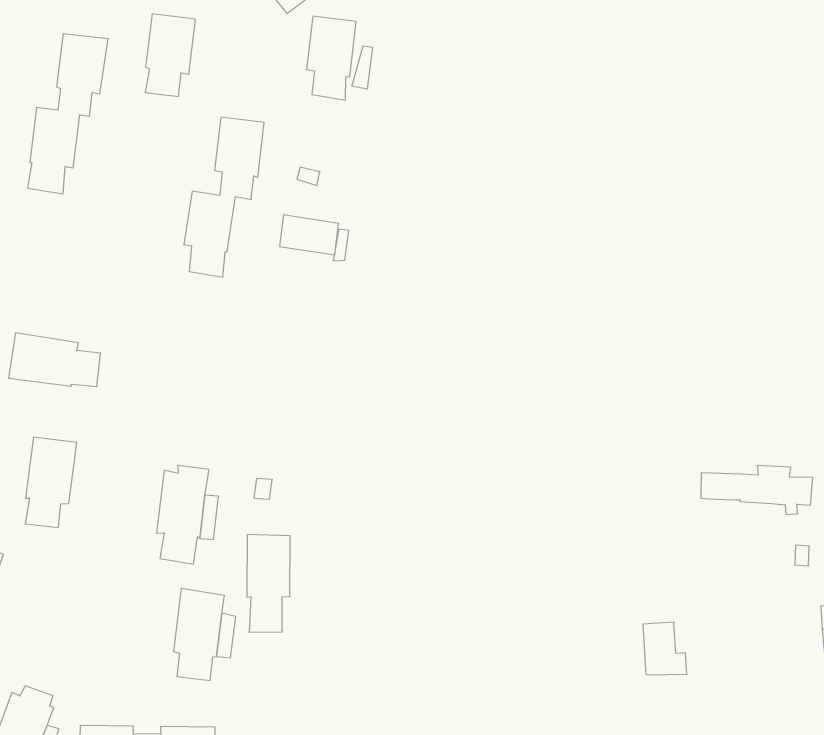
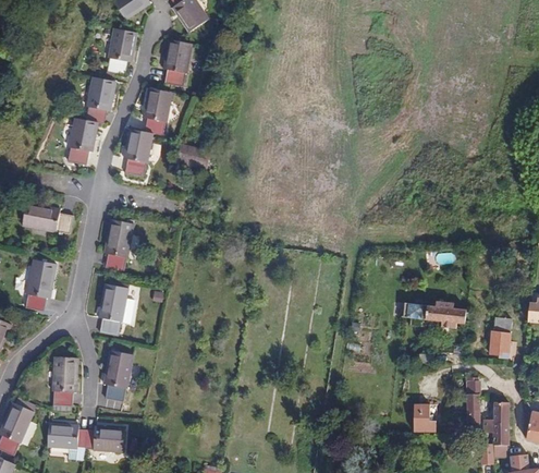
building: [306,16,356,100] -> [162,38,192,86]
building: [28,34,108,194] -> [66,76,117,166]
building: none -> [103,218,134,270]
building: [247,535,290,632] -> [52,355,78,411]
building: [643,622,687,675] -> [413,402,436,432]

